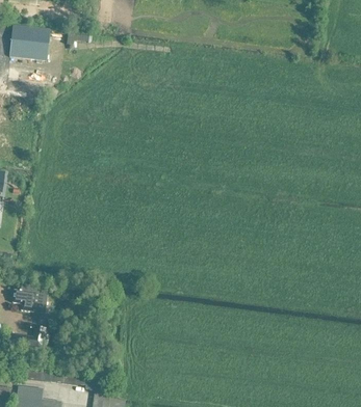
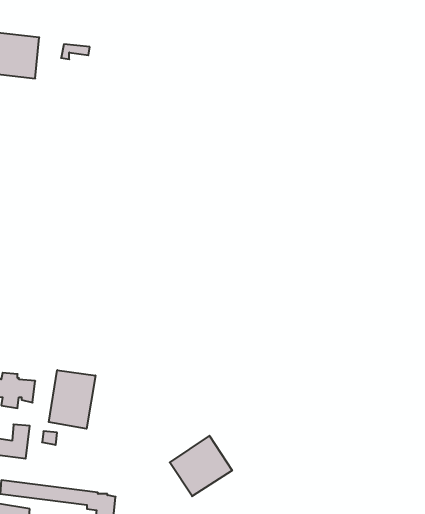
building: none -> [49,370,95,429]
building: none -> [170,436,232,496]

